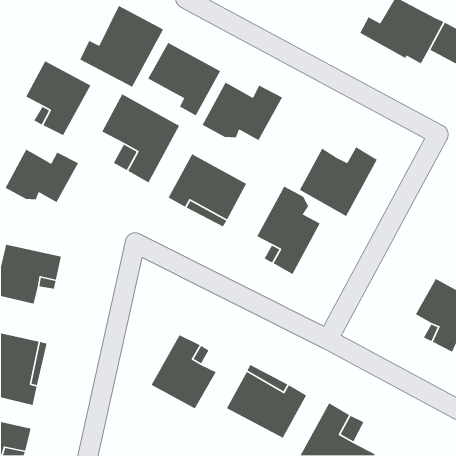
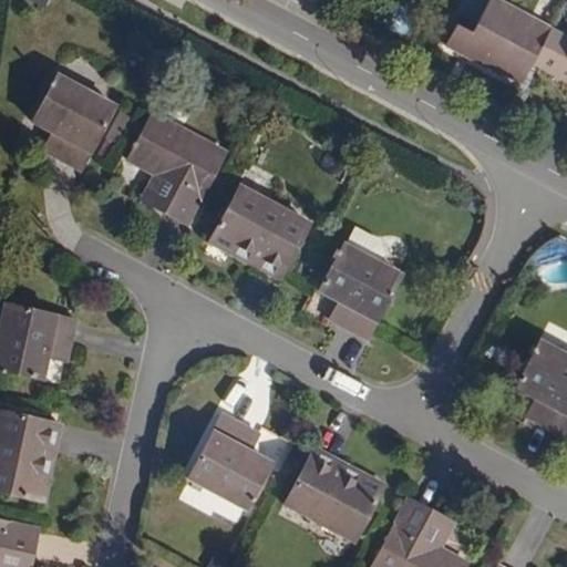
building: [79,5,164,88] -> none
building: [147,42,221,116] -> none
building: [202,82,283,141] -> none
building: [299,146,378,217] -> none
building: [4,149,79,203] -> none

